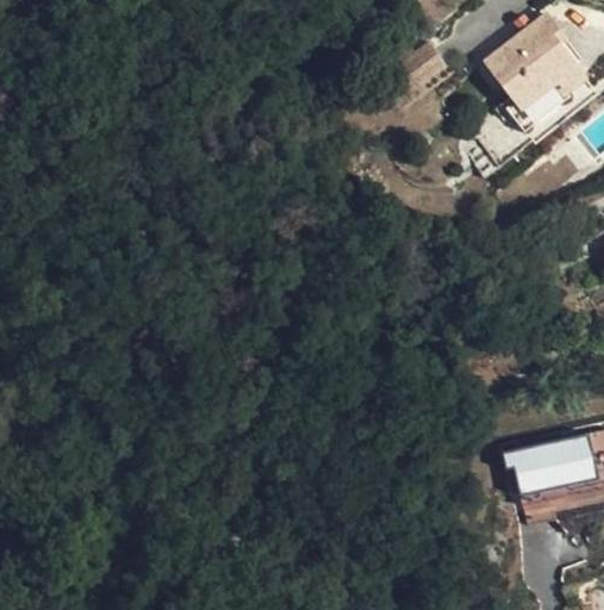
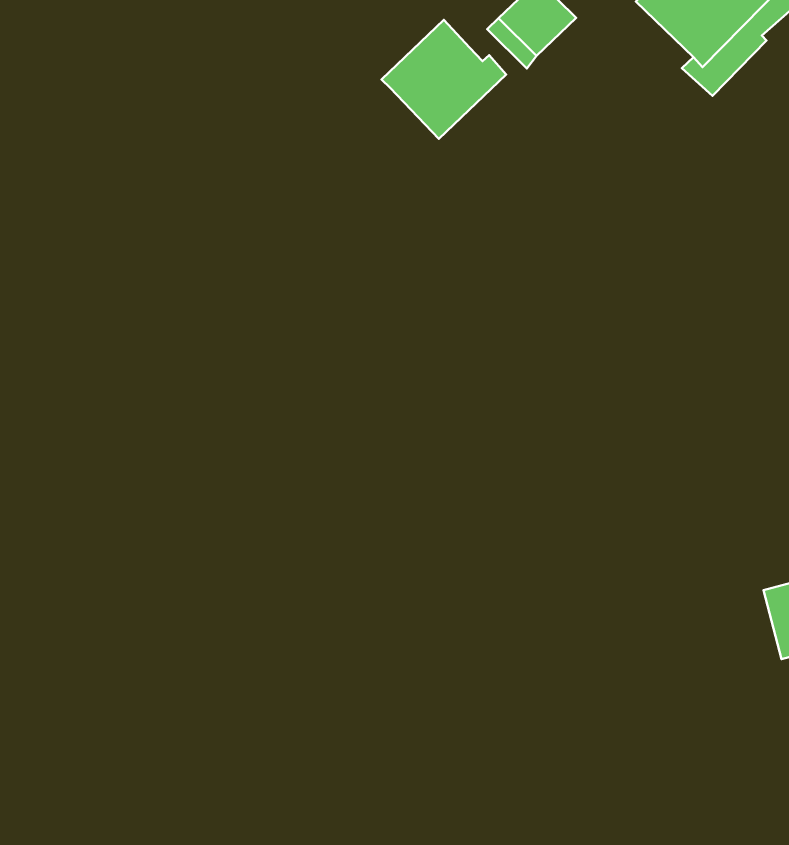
building: none -> [381,20,506,139]

